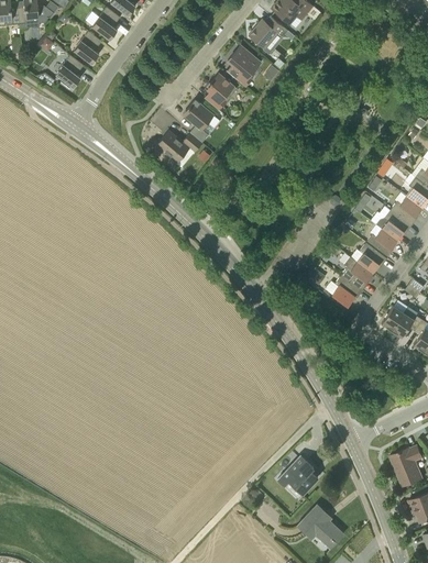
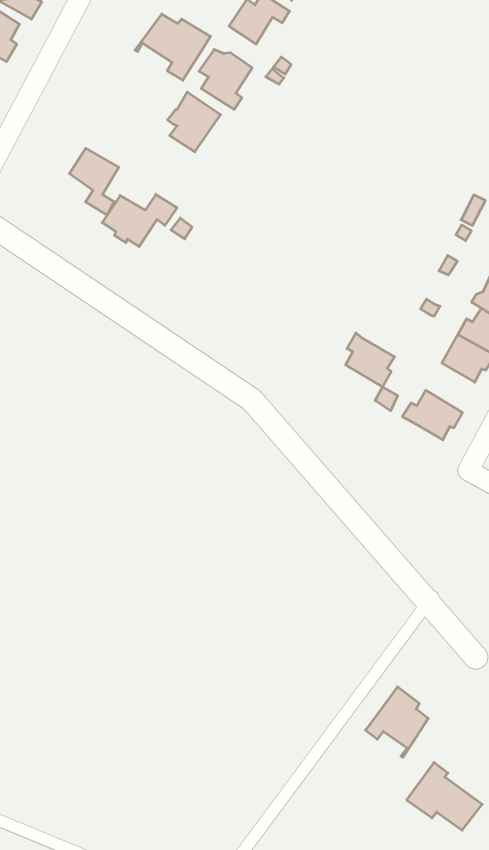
building: none -> [135,14,211,80]
building: [184,99,215,142] -> [69,148,119,215]
building: [342,255,373,290] -> [346,333,395,387]

